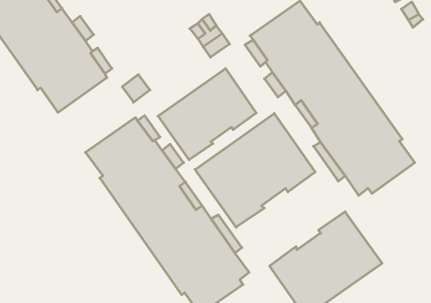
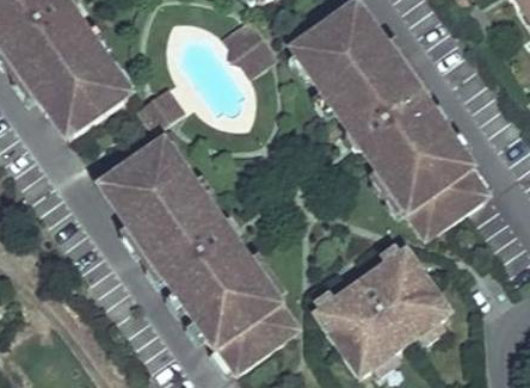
building: [158,69,256,160] -> none
building: [195,113,315,227] -> none

